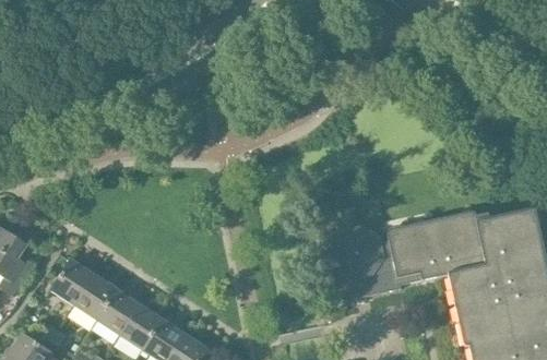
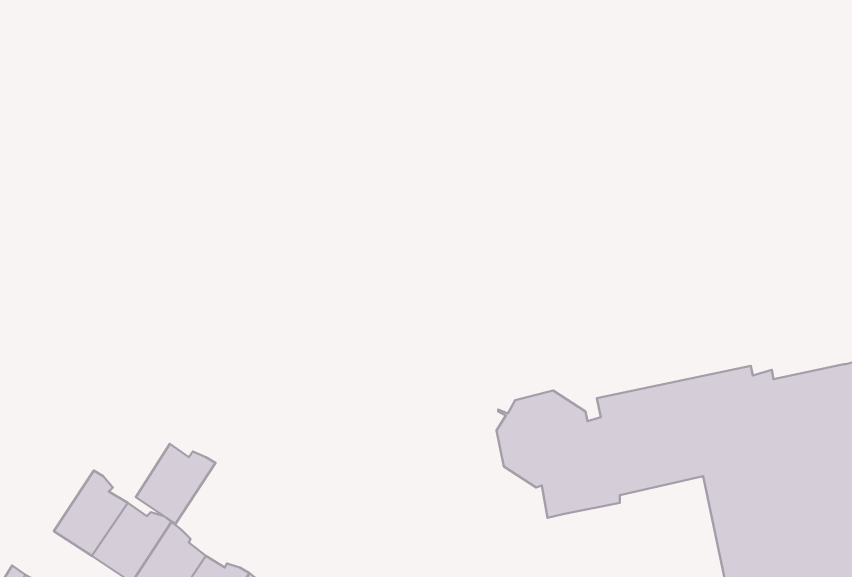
building: [51,260,97,305] -> [136,444,215,524]

